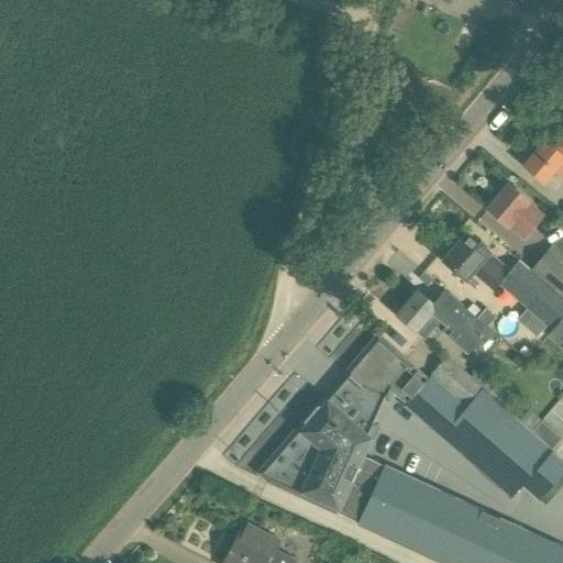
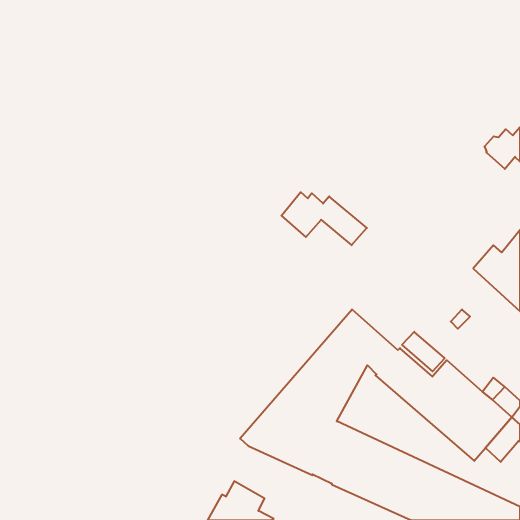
building: [488,184,543,236] -> none
building: [445,233,508,279] -> none
building: [398,289,490,346] -> [281,192,367,245]

